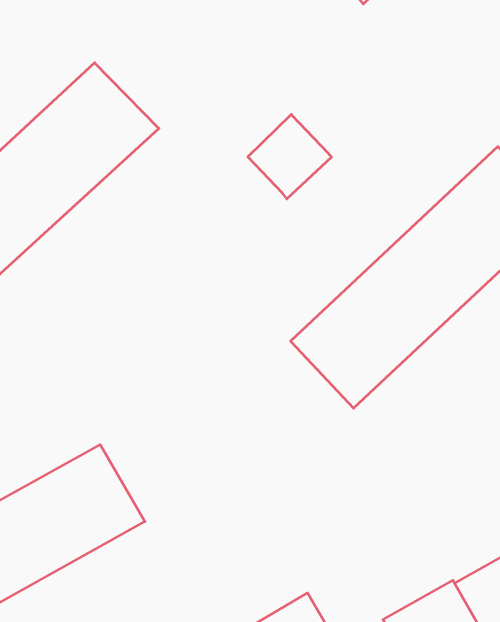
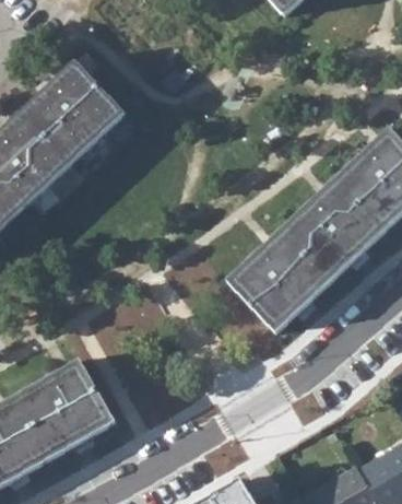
building: [248,114,331,199] -> none

